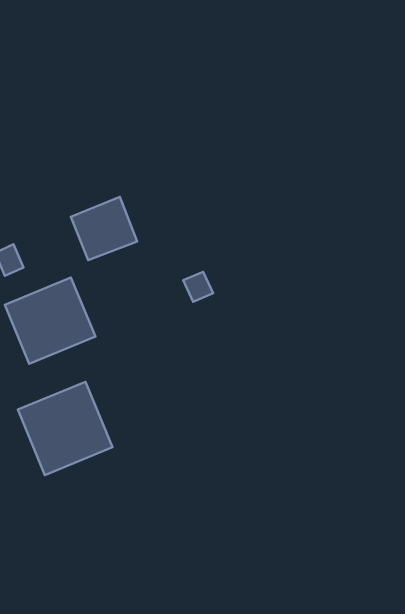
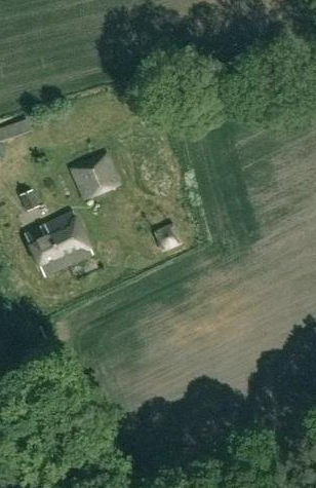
building: [18,382,113,475] -> none

